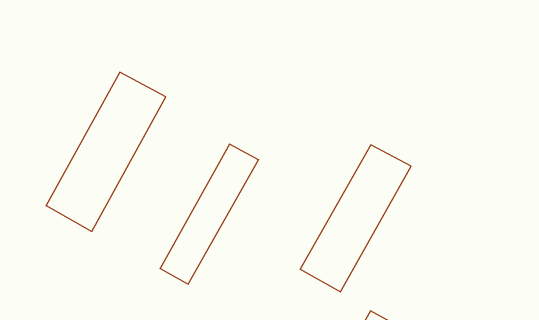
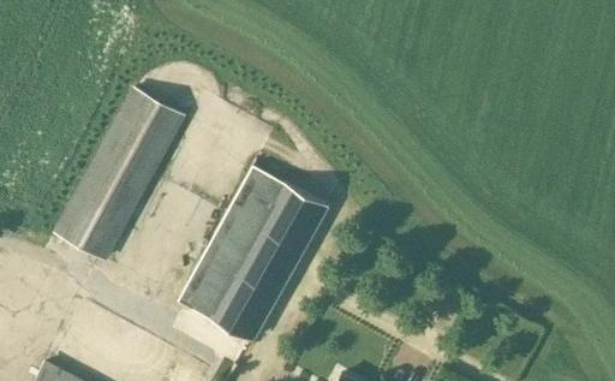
building: [300,145,411,292] -> [207,181,326,339]

